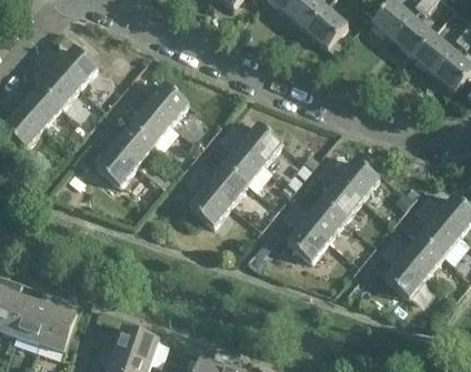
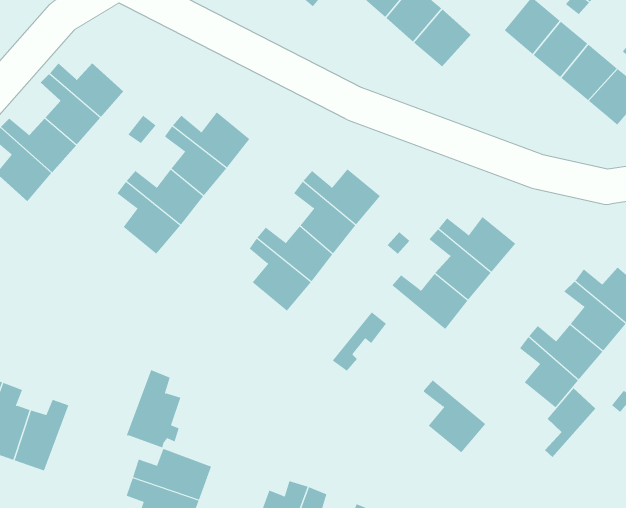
building: [283,207,329,260] -> [423,379,486,453]
building: none -> [544,388,596,458]
building: [39,293,79,350] -> [126,370,181,448]

